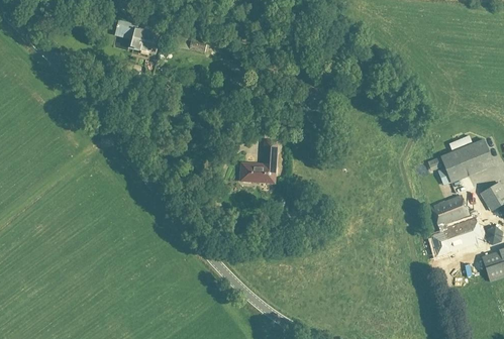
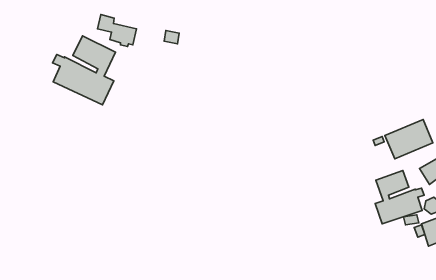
building: none -> [53,36,116,105]
building: [240,140,279,182] -> none

